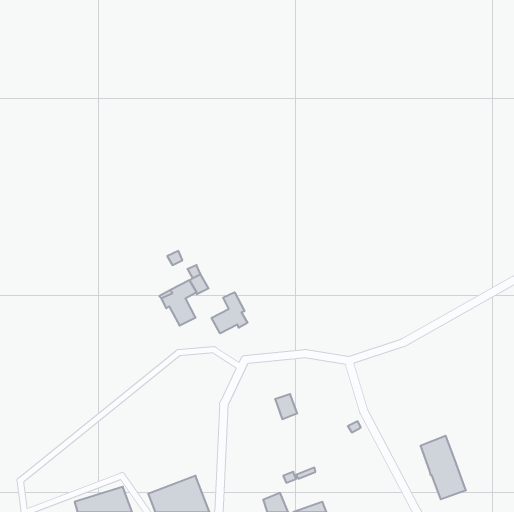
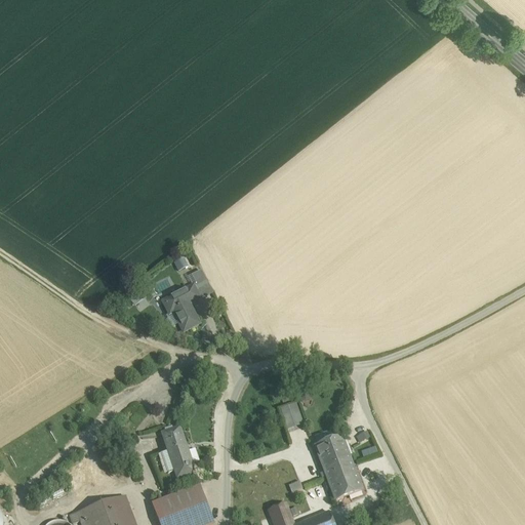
building: [212,292,248,333] -> none
building: none -> [160,426,195,478]
building: [420,436,466,499] -> [315,435,361,499]

